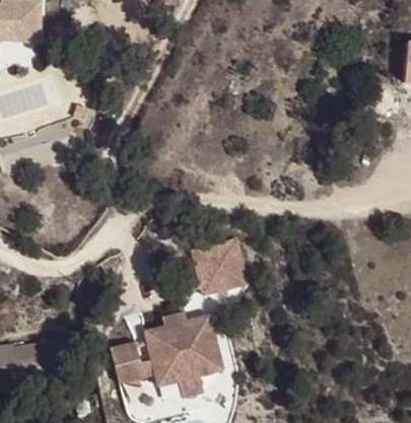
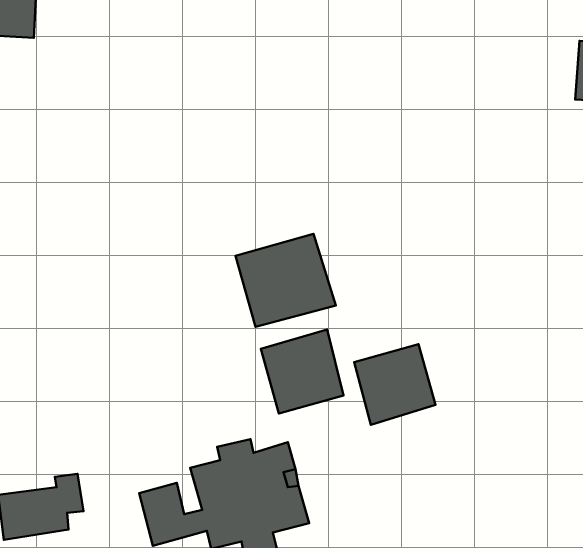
building: none -> [236,234,336,327]
building: none -> [354,344,436,425]

